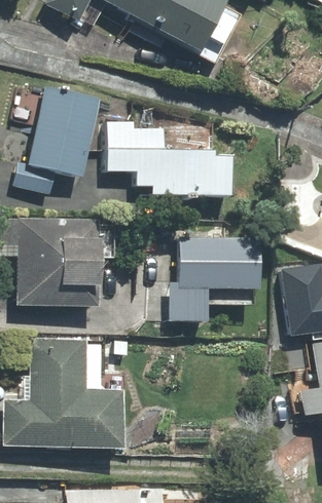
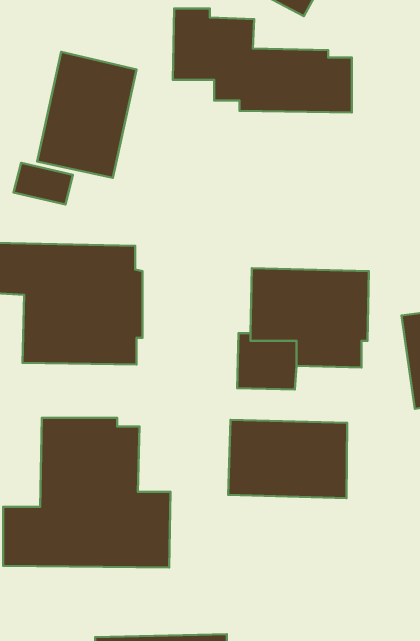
building: [106,123,230,195] -> [173,9,352,112]
building: none -> [228,420,347,498]

